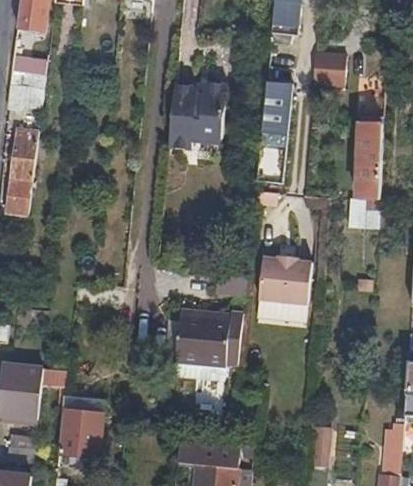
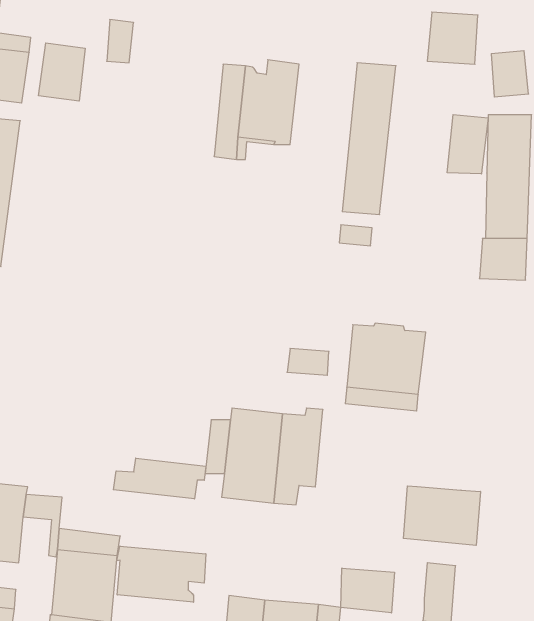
building: none -> [39,43,85,101]
building: none -> [447,115,488,174]
building: none -> [113,458,206,499]
building: none -> [403,486,480,545]
building: none -> [117,546,206,602]
building: none -> [341,568,394,613]

